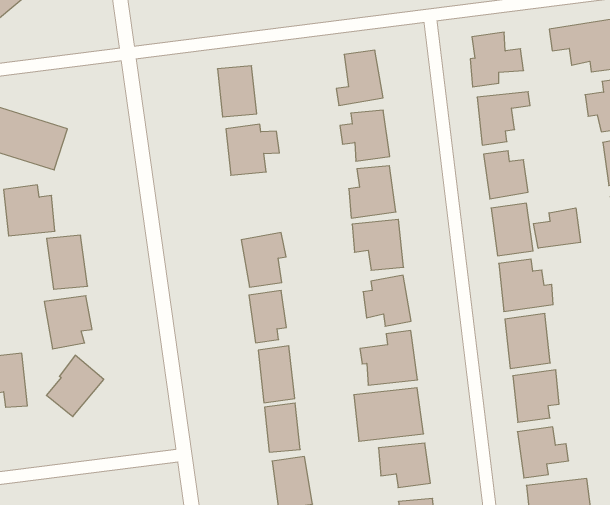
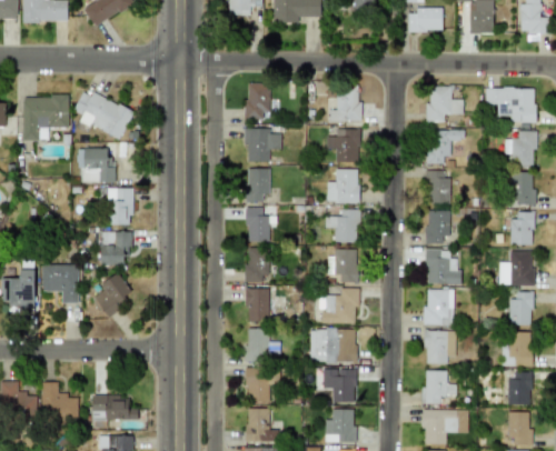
building: none -> [247,169,268,202]
building: [533,208,581,248] -> none

